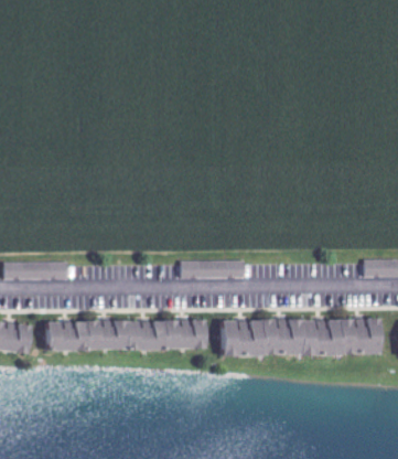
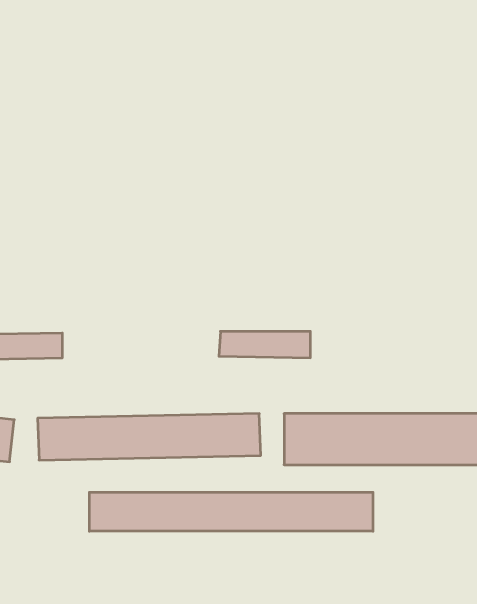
building: none -> [89,492,373,531]

